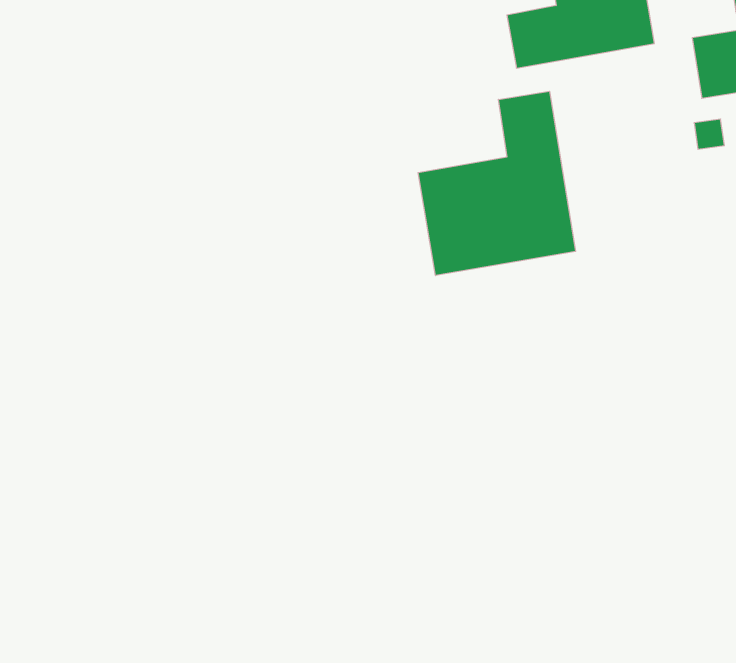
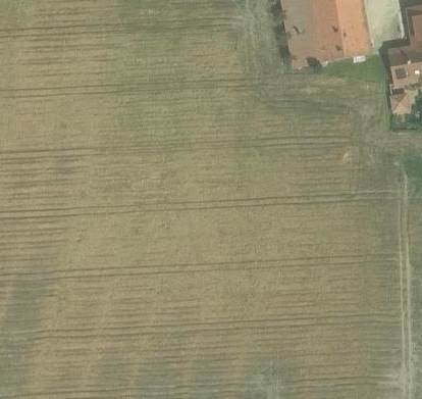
building: [418,91,576,276] -> none

